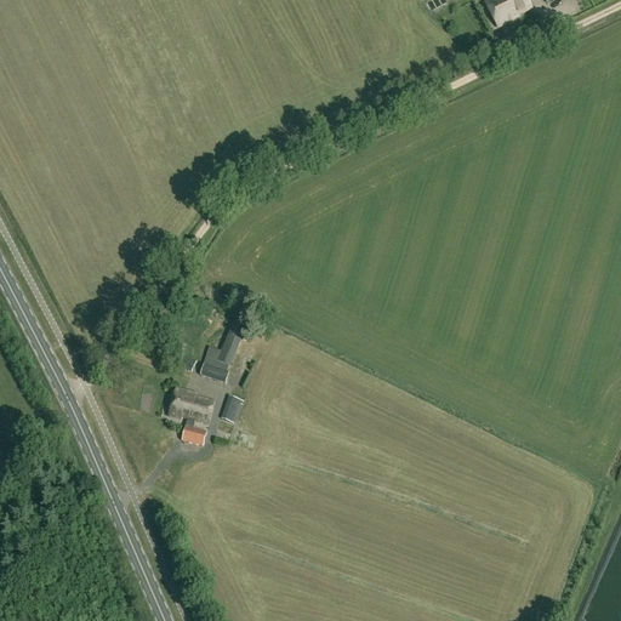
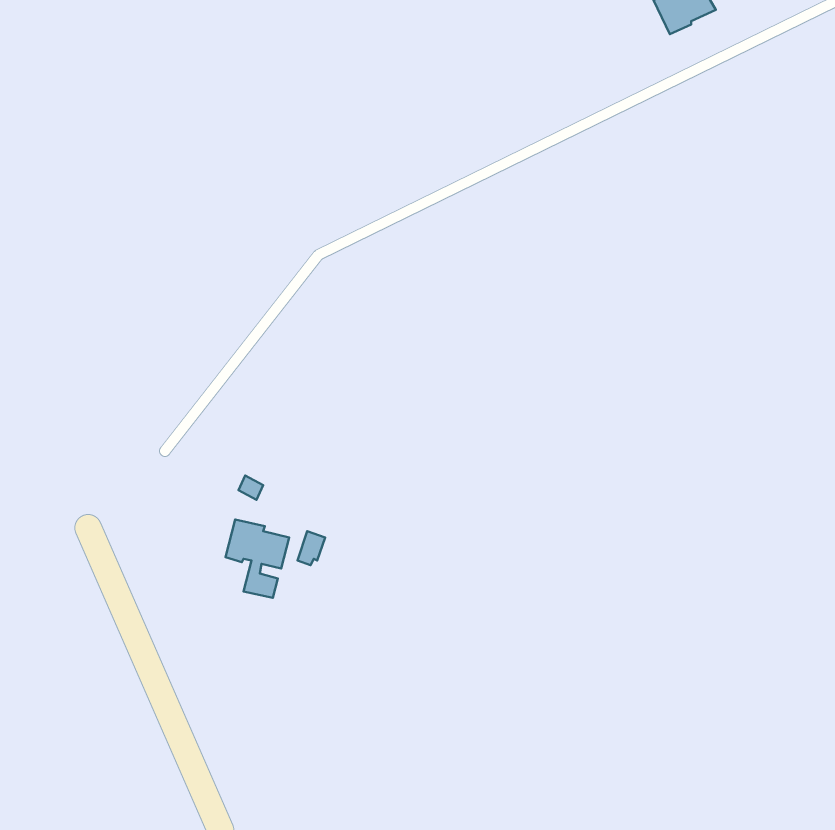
building: [200,334,241,382] -> none

